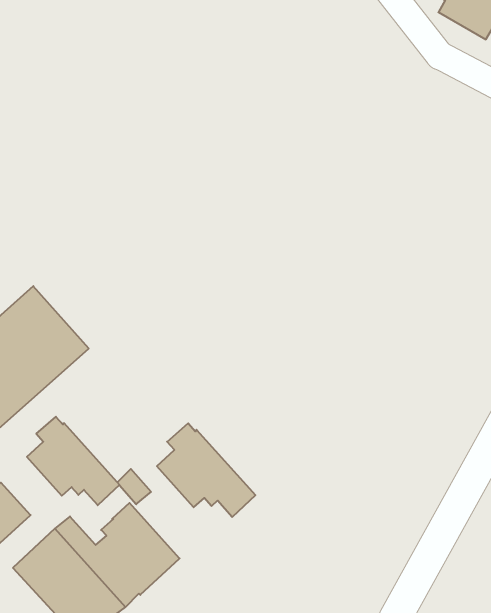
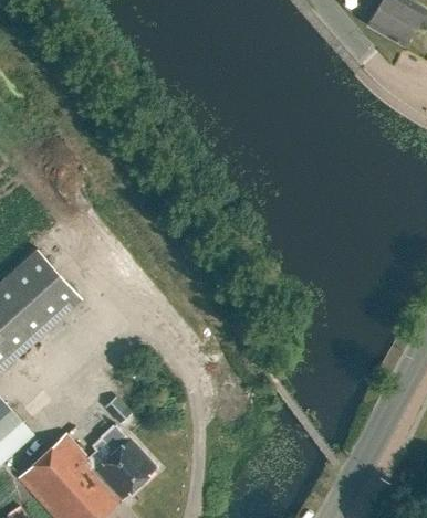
building: [27,417,119,505] -> none
building: [157,423,255,517] -> none

